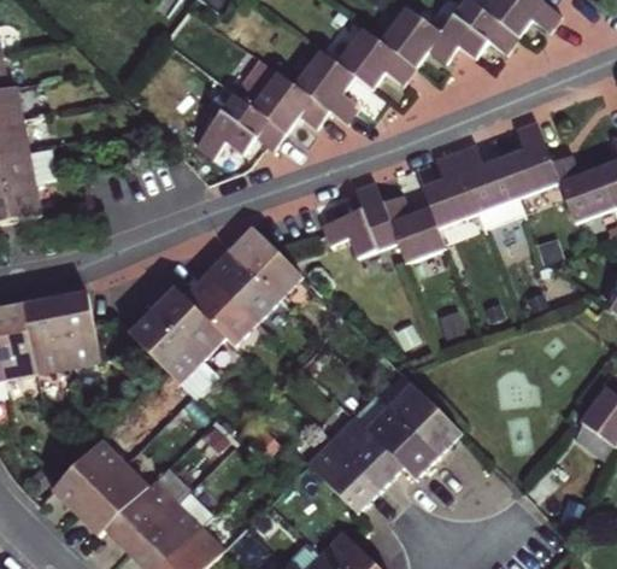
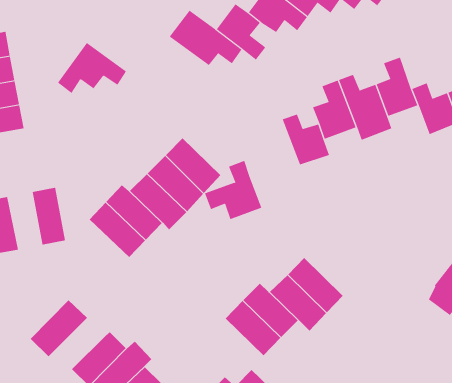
building: [194,93,286,160] -> [57,42,127,94]
building: [321,180,396,258] -> [204,160,262,220]
building: [22,297,66,373] -> none
building: [75,462,149,536] -> none

